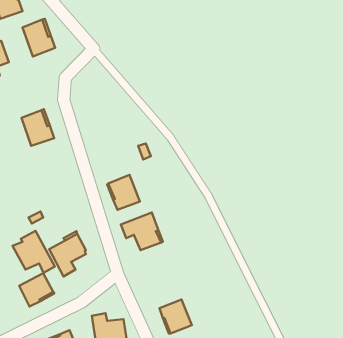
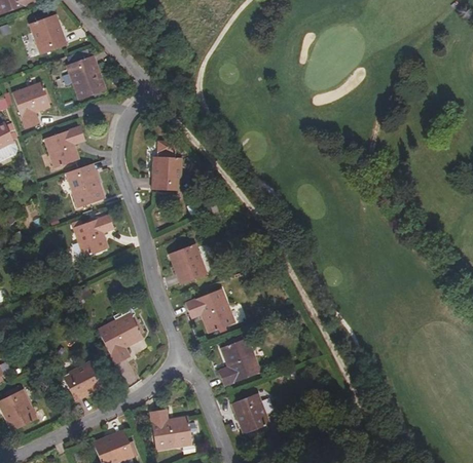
building: none -> [44,125,84,167]
building: none -> [152,141,182,190]
building: none -> [72,214,114,256]
building: [13,231,55,273] -> none
building: none -> [218,338,261,386]

